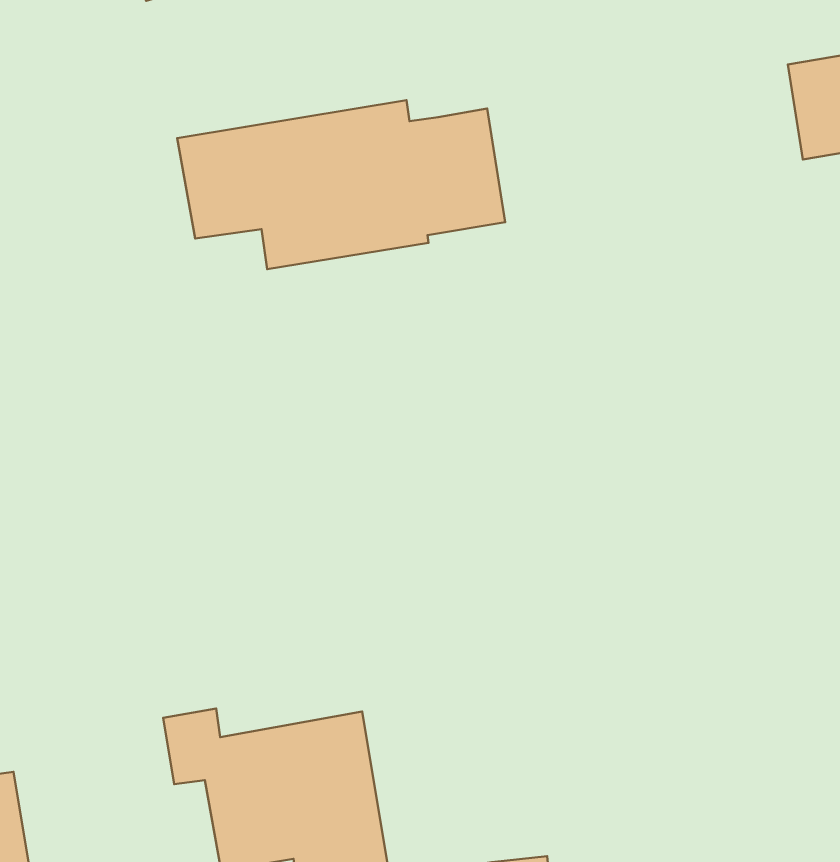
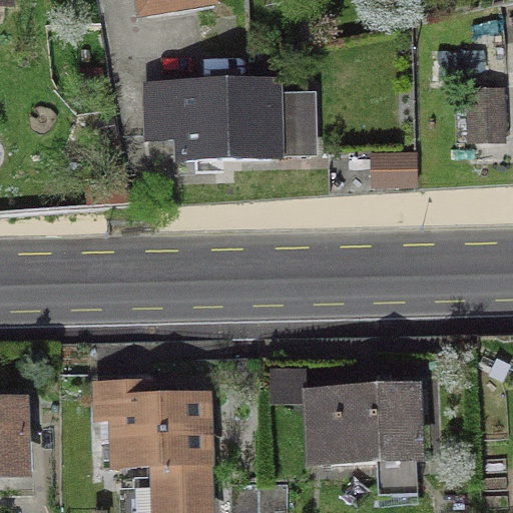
building: none -> [309,380,417,463]

